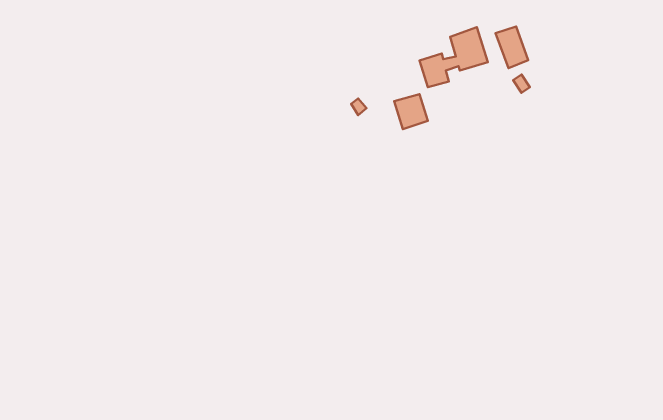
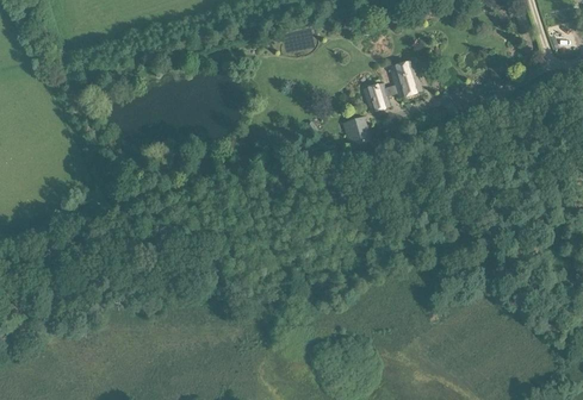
building: [496,27,528,68] -> none

